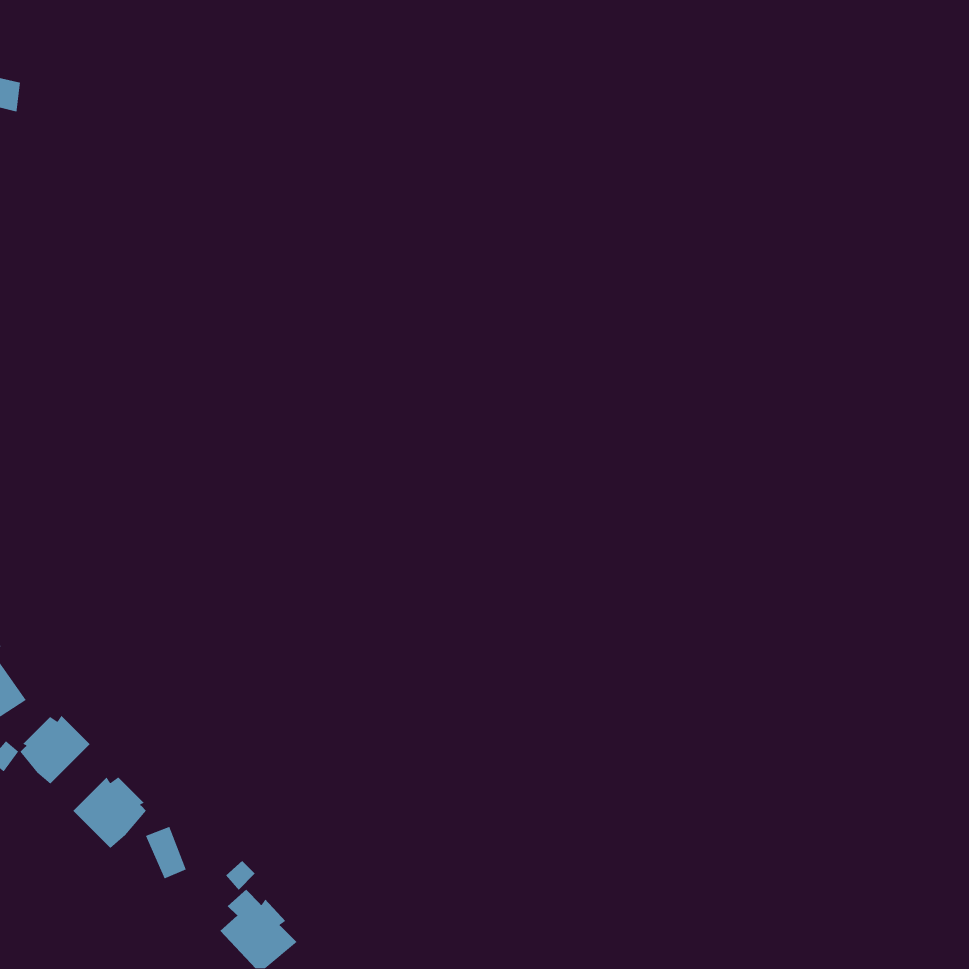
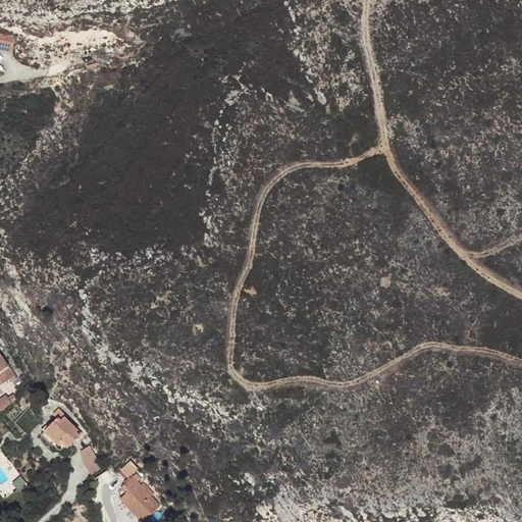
building: [19,715,90,784] -> none

